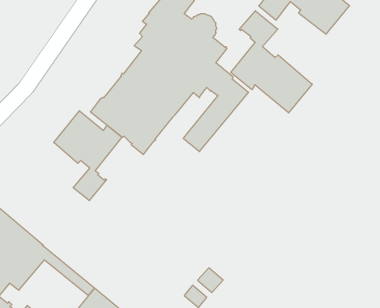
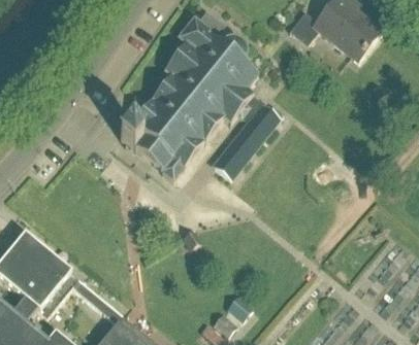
building: [231,11,312,113] -> none
building: [54,111,122,201] -> none

